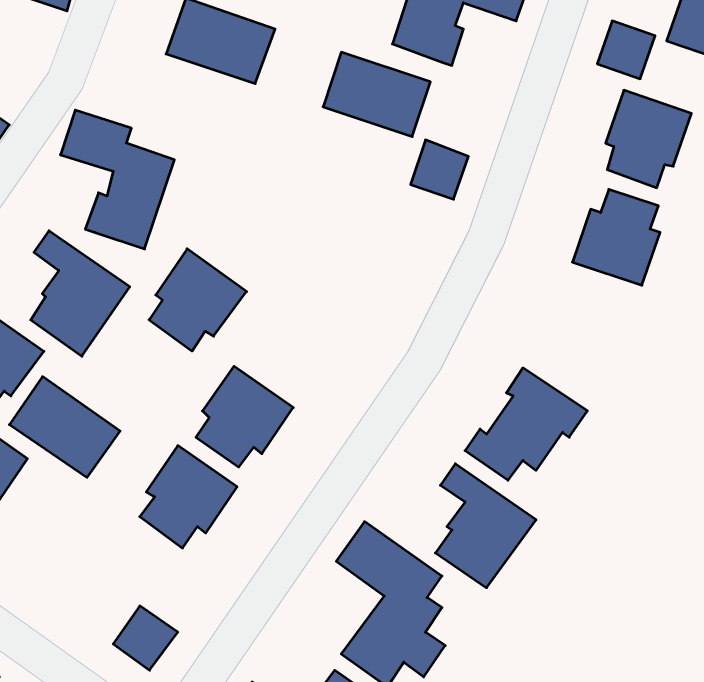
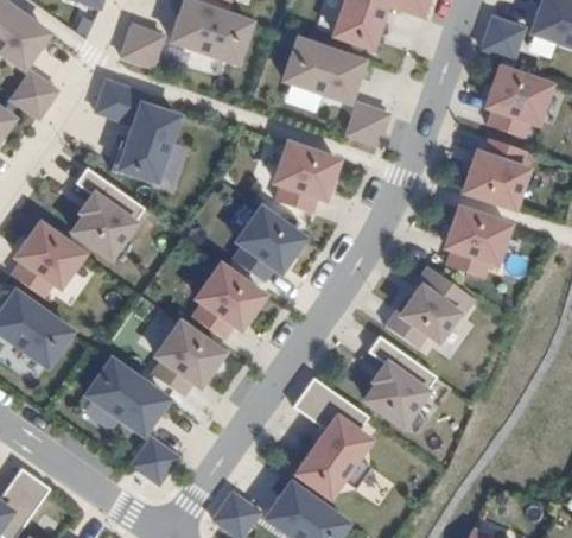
building: none -> [121,26,163,68]
building: none -> [274,143,337,213]
building: [149,249,247,351] -> [233,207,303,280]
building: none -> [445,207,508,277]
building: [9,377,120,477] -> [88,360,167,432]

